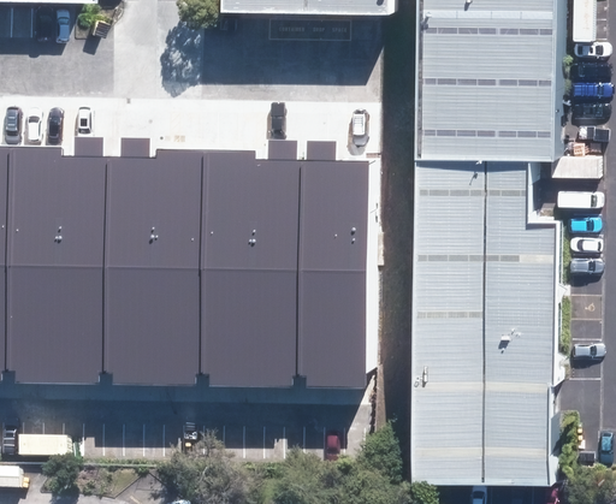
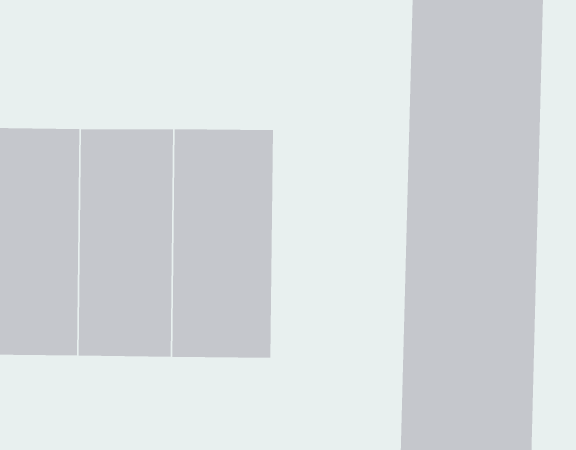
building: [286,156,359,385] -> none

